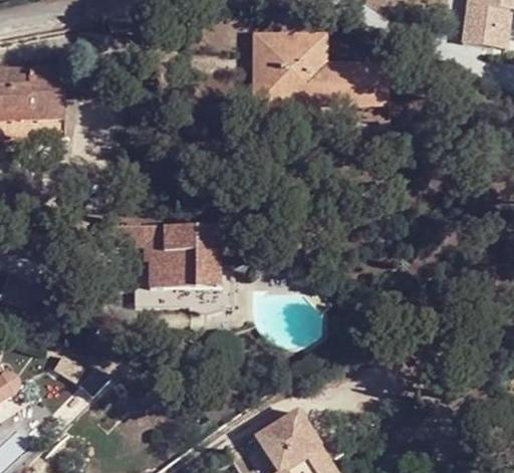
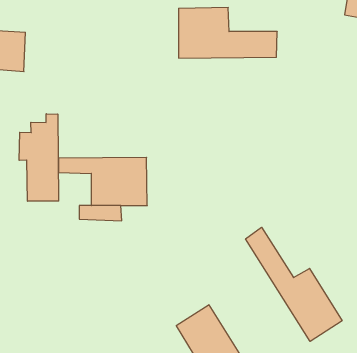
building: none -> [19,114,59,201]
building: none -> [246,227,342,341]

